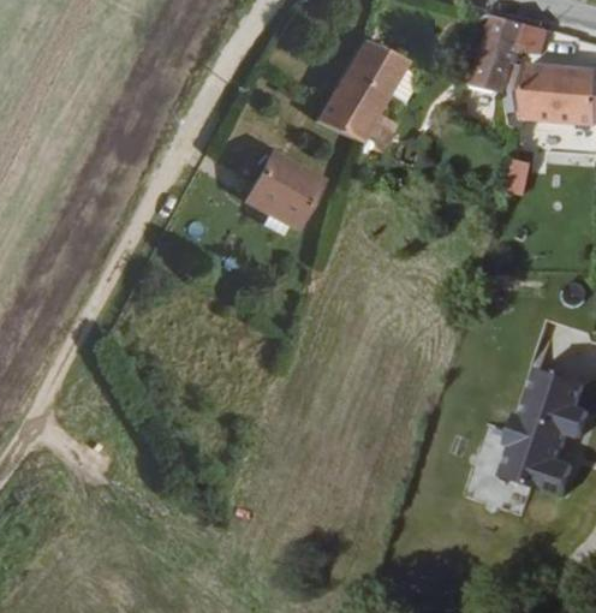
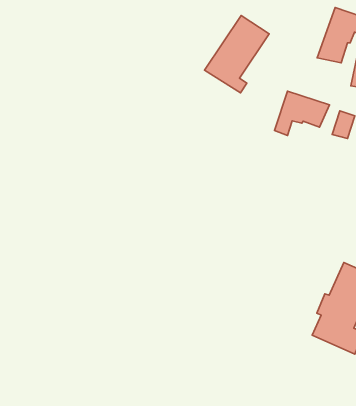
building: none -> [274,91,330,135]
building: [242,153,316,226] -> none

